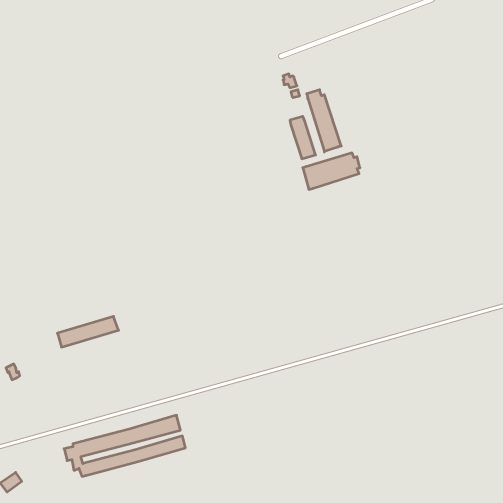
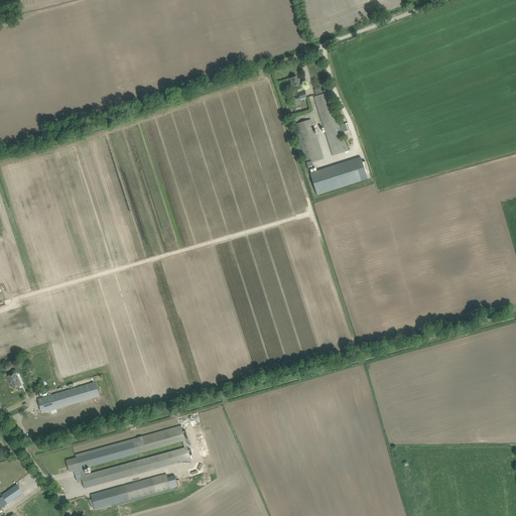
building: [57,316,119,347] -> [36,381,99,412]
building: none -> [90,473,169,509]

